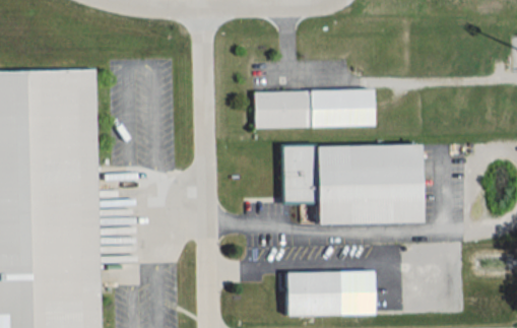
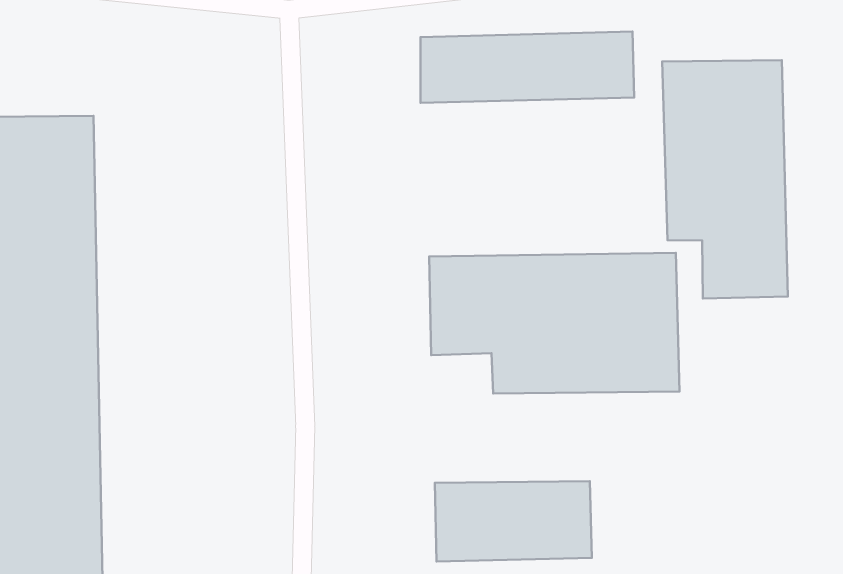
building: none -> [662,60,788,298]
building: [254,88,373,128] -> [421,32,634,103]

